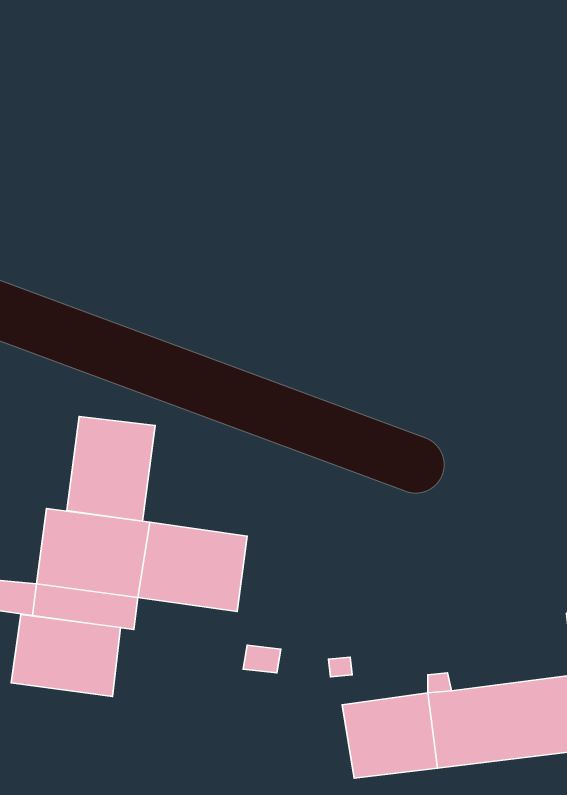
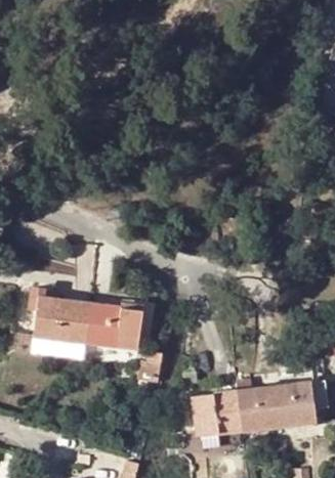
building: [67,416,155,521] -> none
building: [11,614,120,697] -> none

